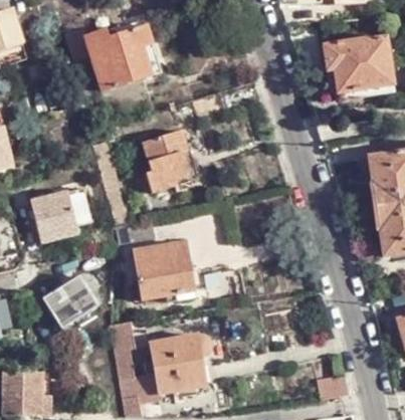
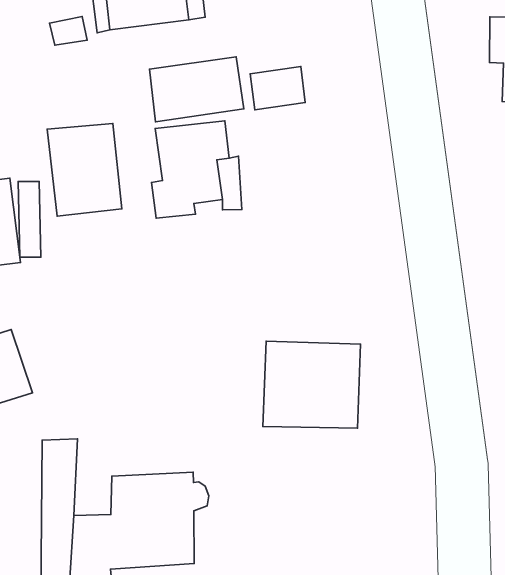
building: none -> [149,57,244,122]
building: none -> [47,123,122,216]
building: [134,241,194,297] -> [263,341,361,428]

